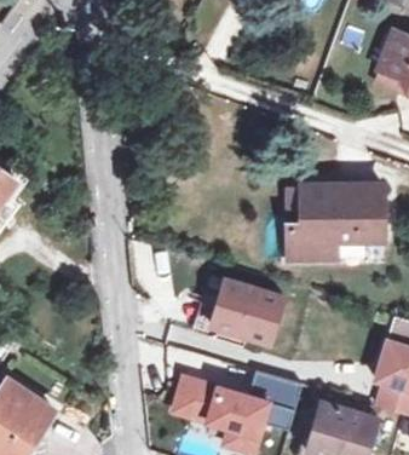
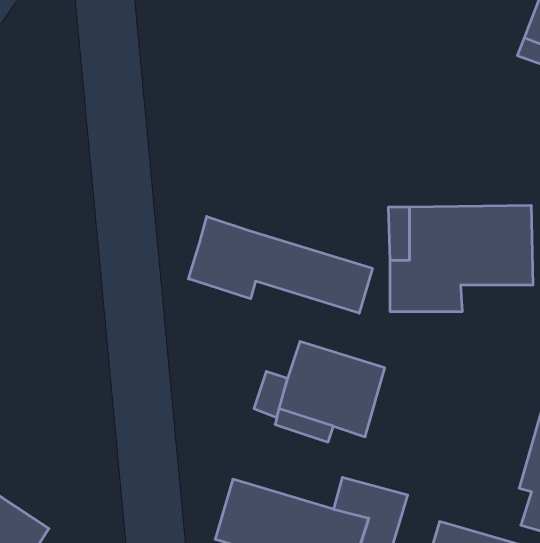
building: none -> [188,216,372,313]

